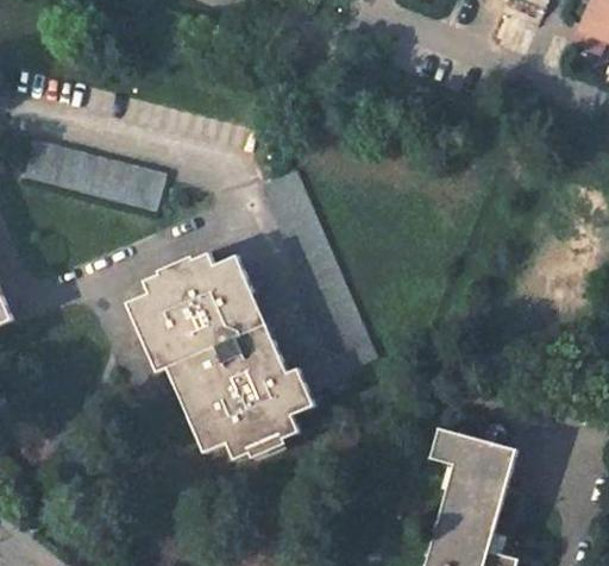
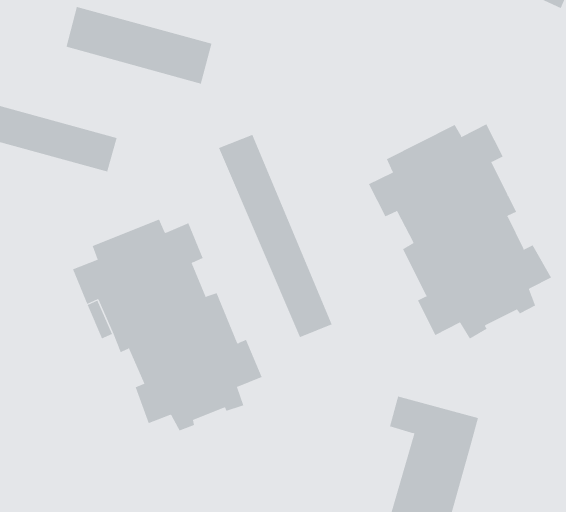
building: none -> [66,6,212,84]
building: none -> [368,124,552,339]

